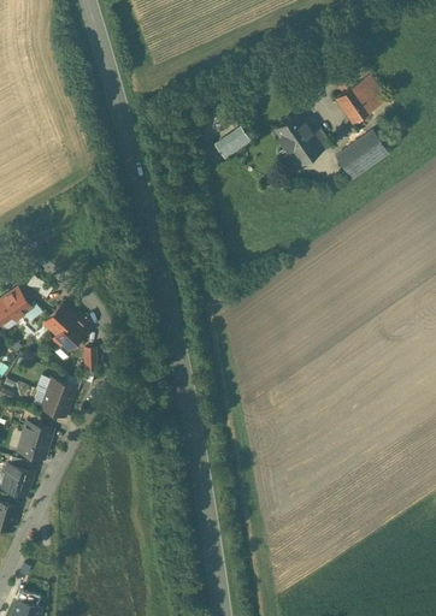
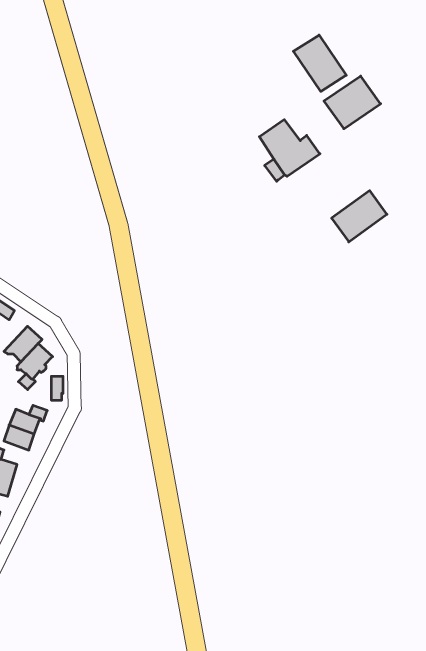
building: none -> [293,35,346,91]
building: [213,128,249,160] -> none
building: [335,131,385,178] -> [332,191,387,242]

